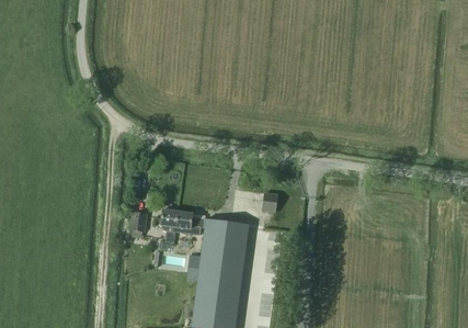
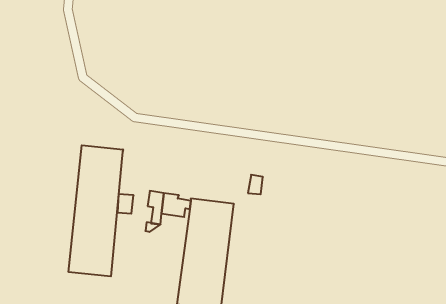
building: none -> [69,145,123,276]

